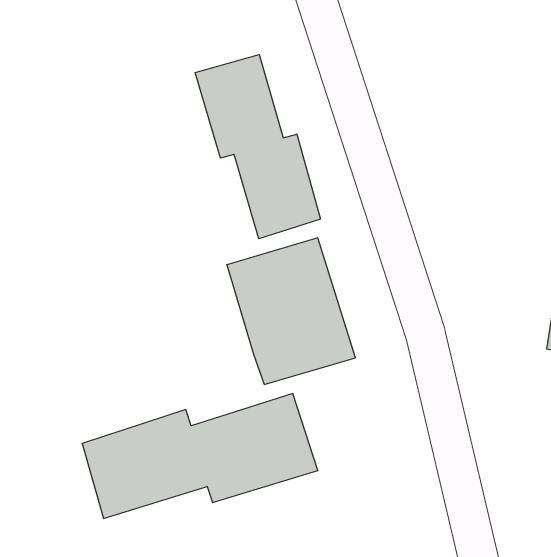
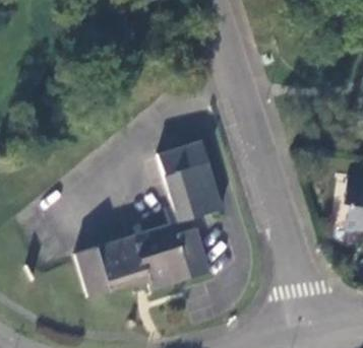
building: [195,55,320,239] -> none

